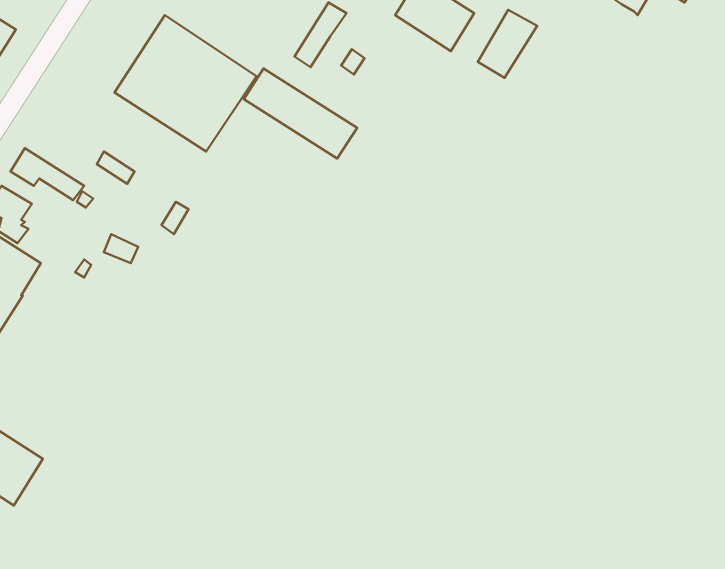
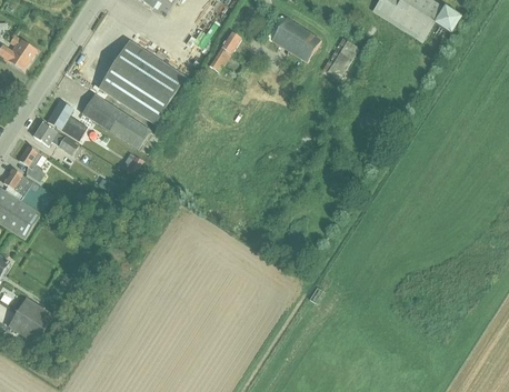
building: [244,69,357,158] -> [81,94,151,150]
building: none -> [48,100,87,140]

